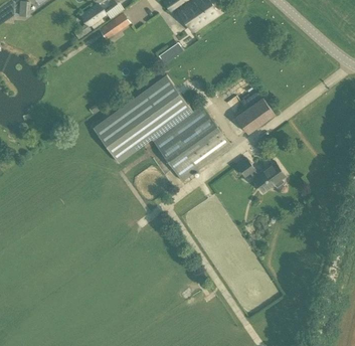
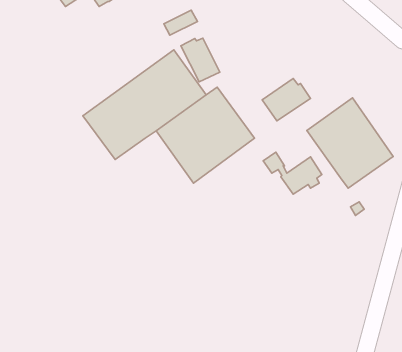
building: none -> [181,38,220,82]
building: none -> [307,98,393,188]

